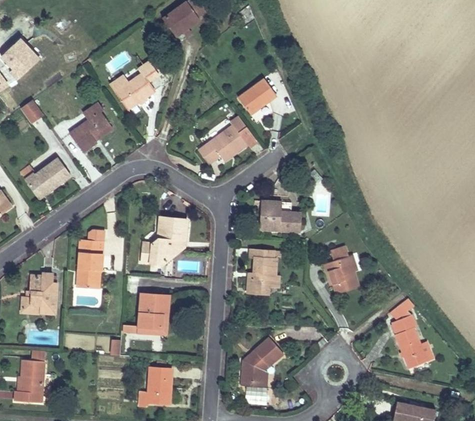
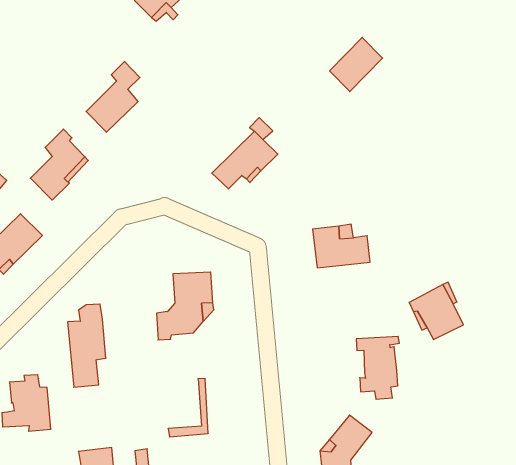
building: [237,79,276,116] -> [330,37,383,92]
building: [247,249,280,295] -> [356,336,399,399]
building: [138,294,165,329] -> none

